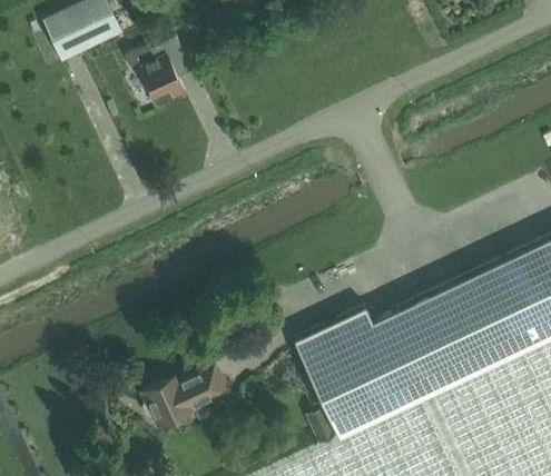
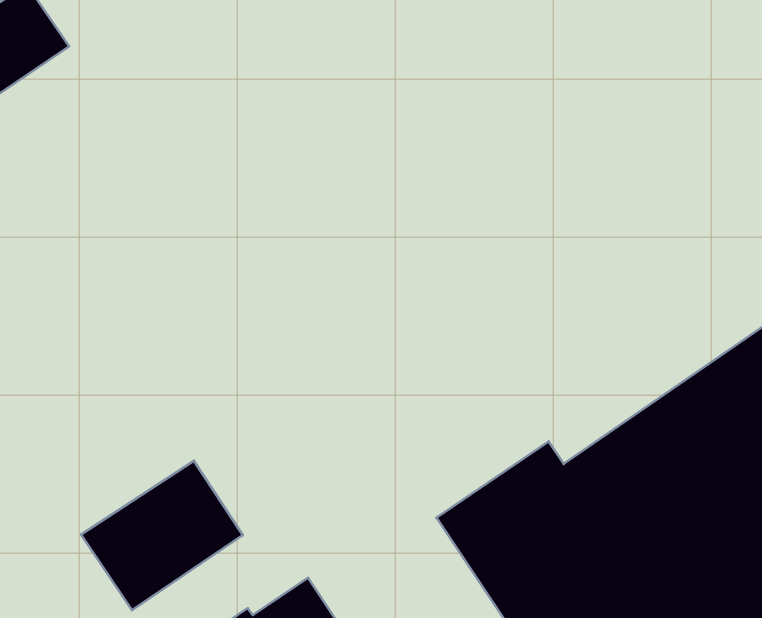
building: [127,40,187,109] -> none
building: none -> [81,461,243,610]

